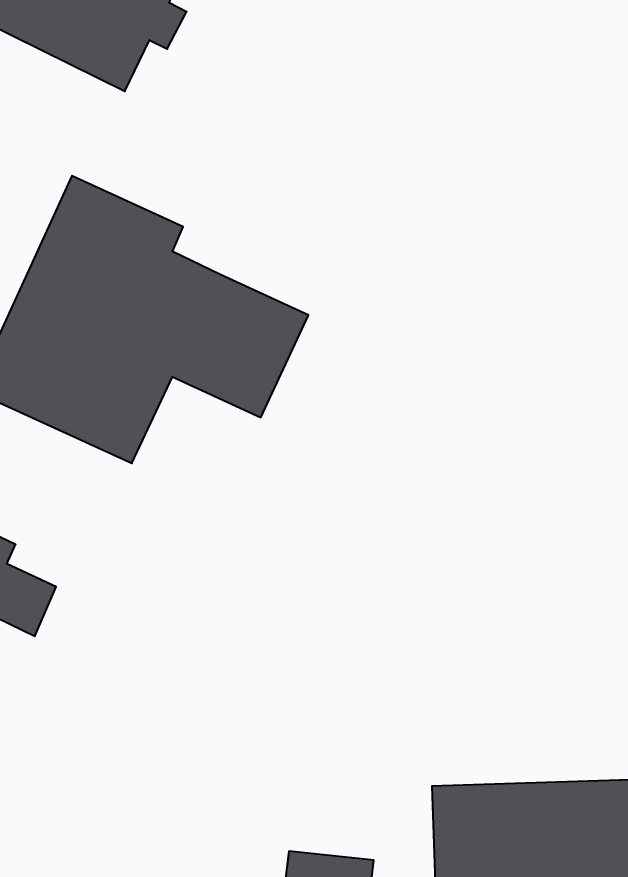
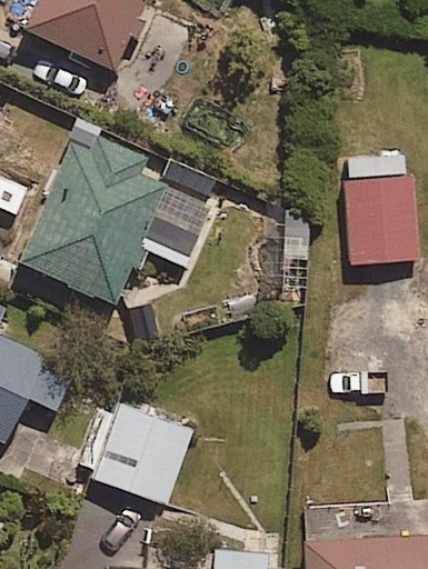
building: none -> [347,158,416,263]
building: none -> [90,406,193,505]

